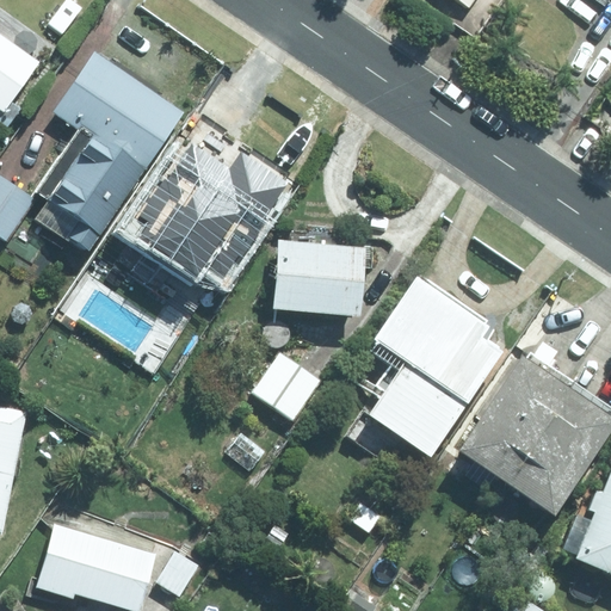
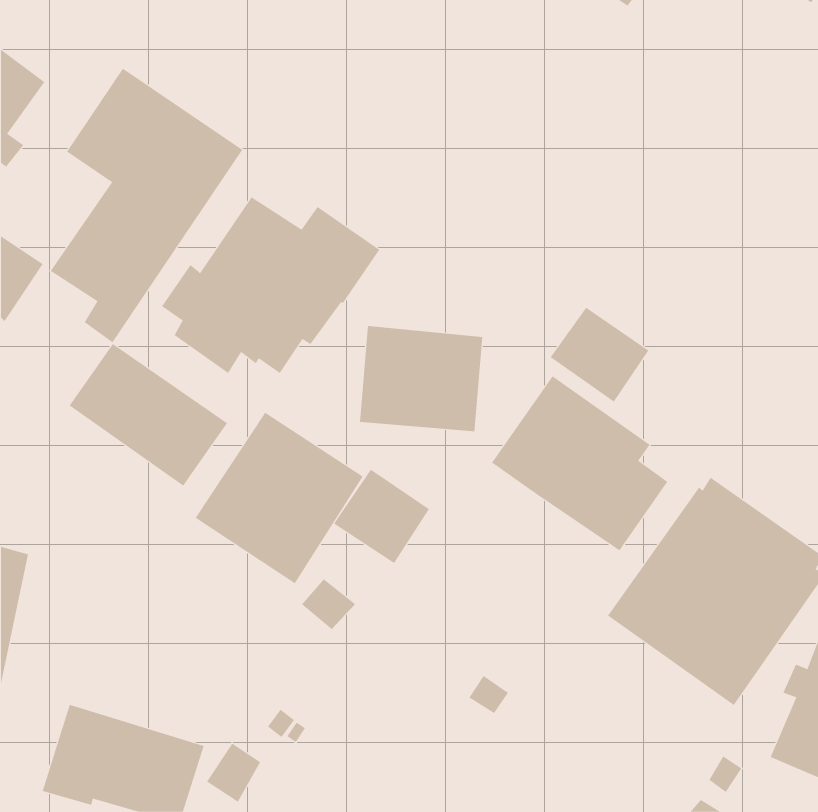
building: none -> [550,307,649,403]
building: none -> [69,343,228,486]
building: none -> [195,412,363,584]
building: [362,365,463,463] -> none

